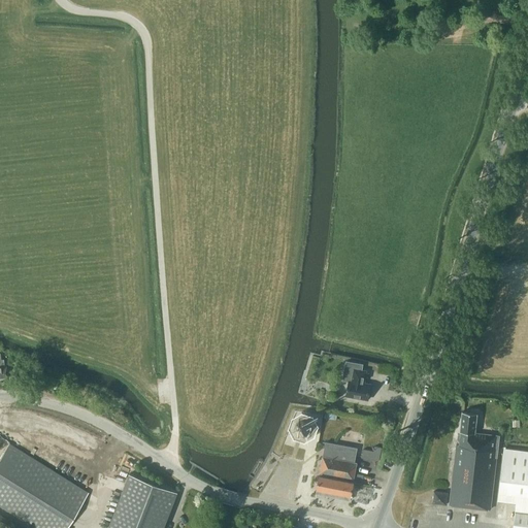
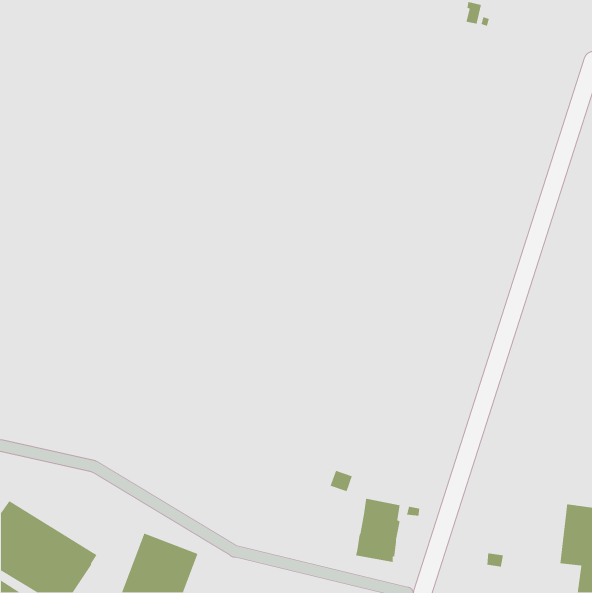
building: [344,362,371,400] -> none
building: [451,411,499,509] -> none

